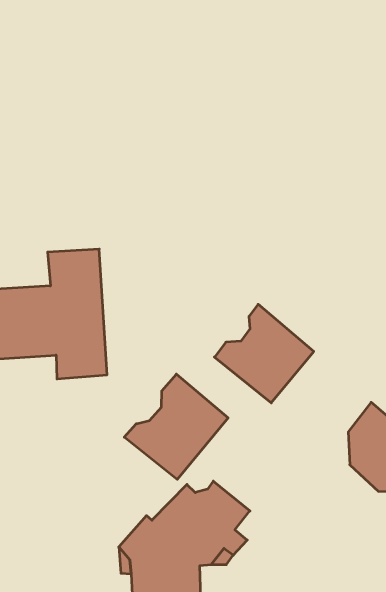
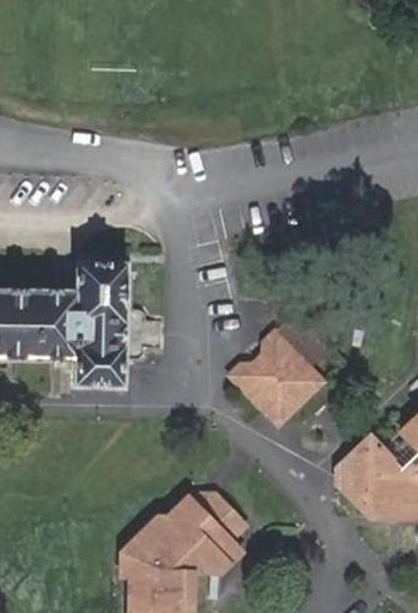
building: [124,374,228,479] -> none

